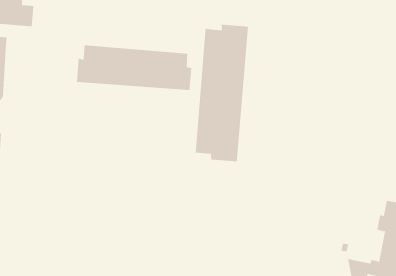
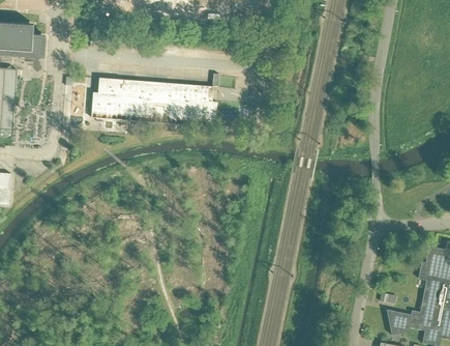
building: [195,24,249,162] -> none

